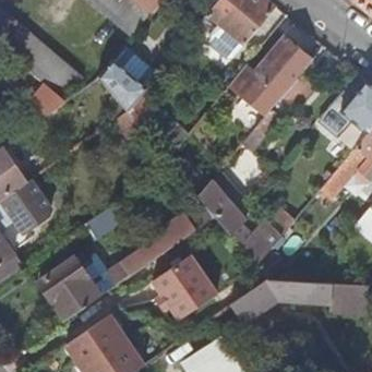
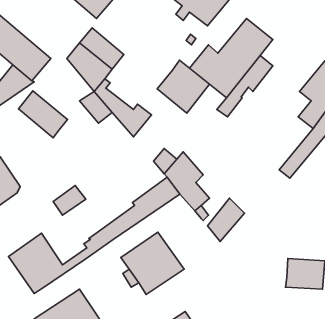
building: none -> [157,60,209,113]
building: none -> [18,91,68,138]
building: [230,280,327,324] -> none

